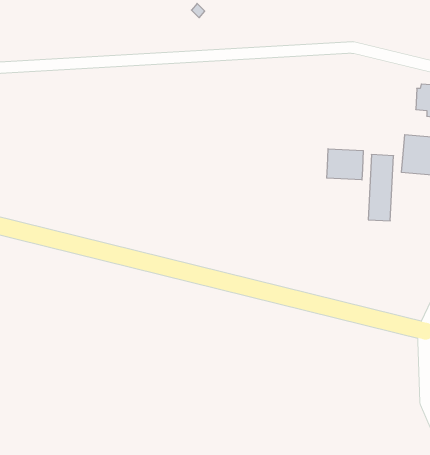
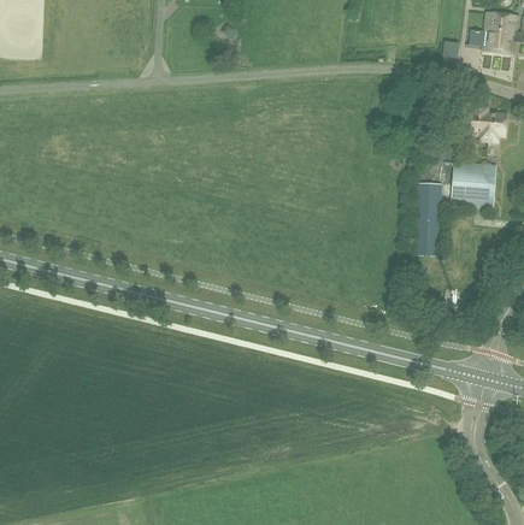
building: [327,149,363,180] -> none

